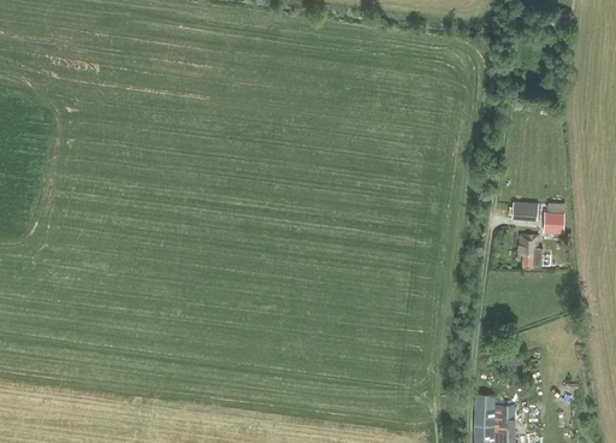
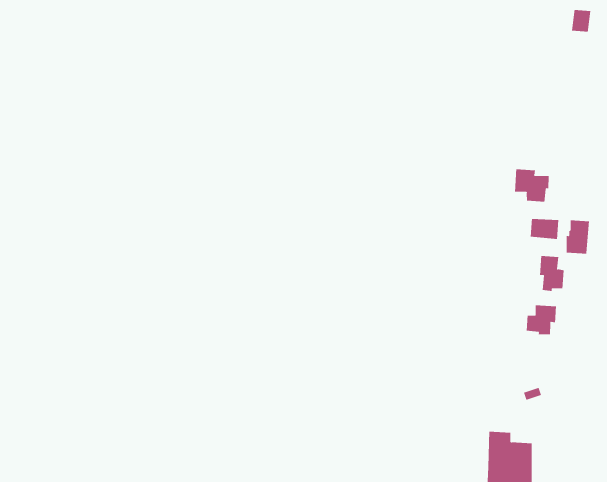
building: none -> [514,169,549,202]
building: none -> [526,304,557,335]

